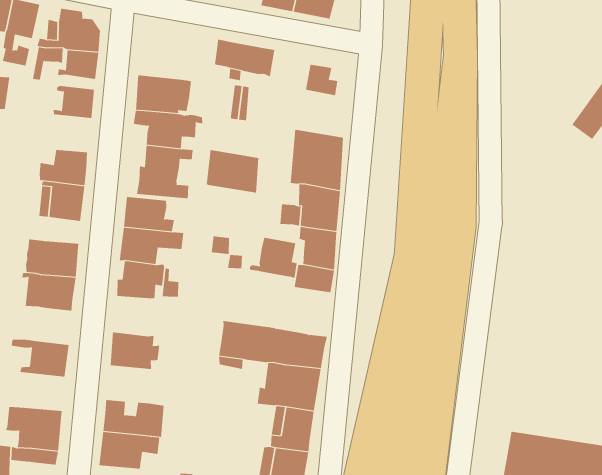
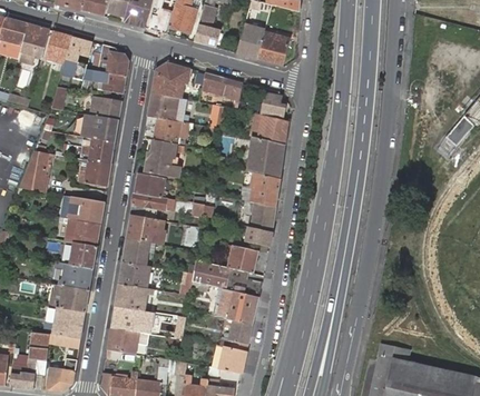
building: none -> [150,62,190,99]
building: none -> [89,116,118,142]
building: [206,150,259,193] -> [251,113,287,145]
building: [249,237,298,278] -> [222,245,254,274]
building: none -> [121,239,149,267]
building: none -> [70,242,96,269]
building: none -> [114,285,156,311]
building: none -> [49,285,88,313]

